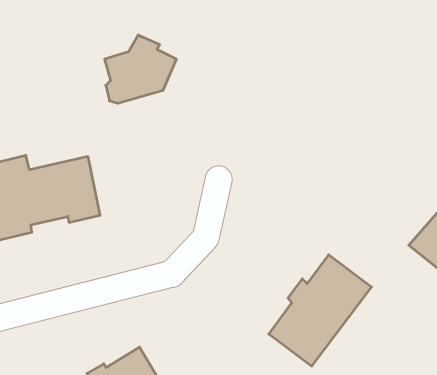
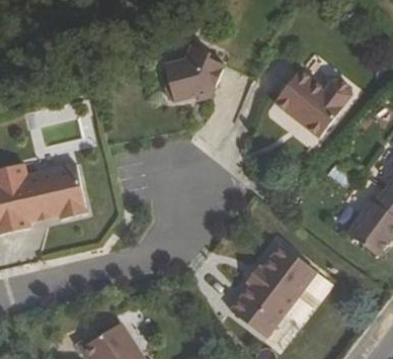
building: [105,35,176,103] -> [161,41,222,99]
building: none -> [274,68,352,136]

